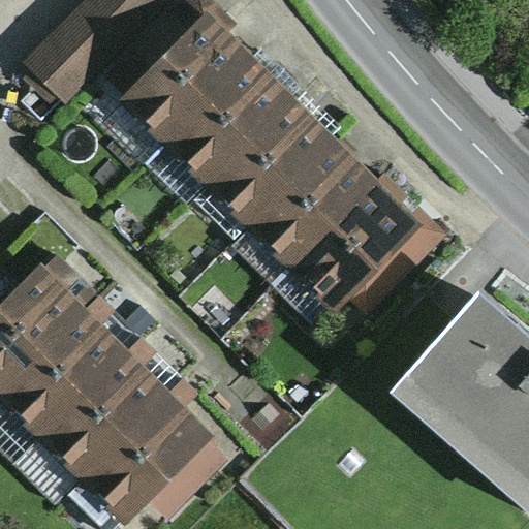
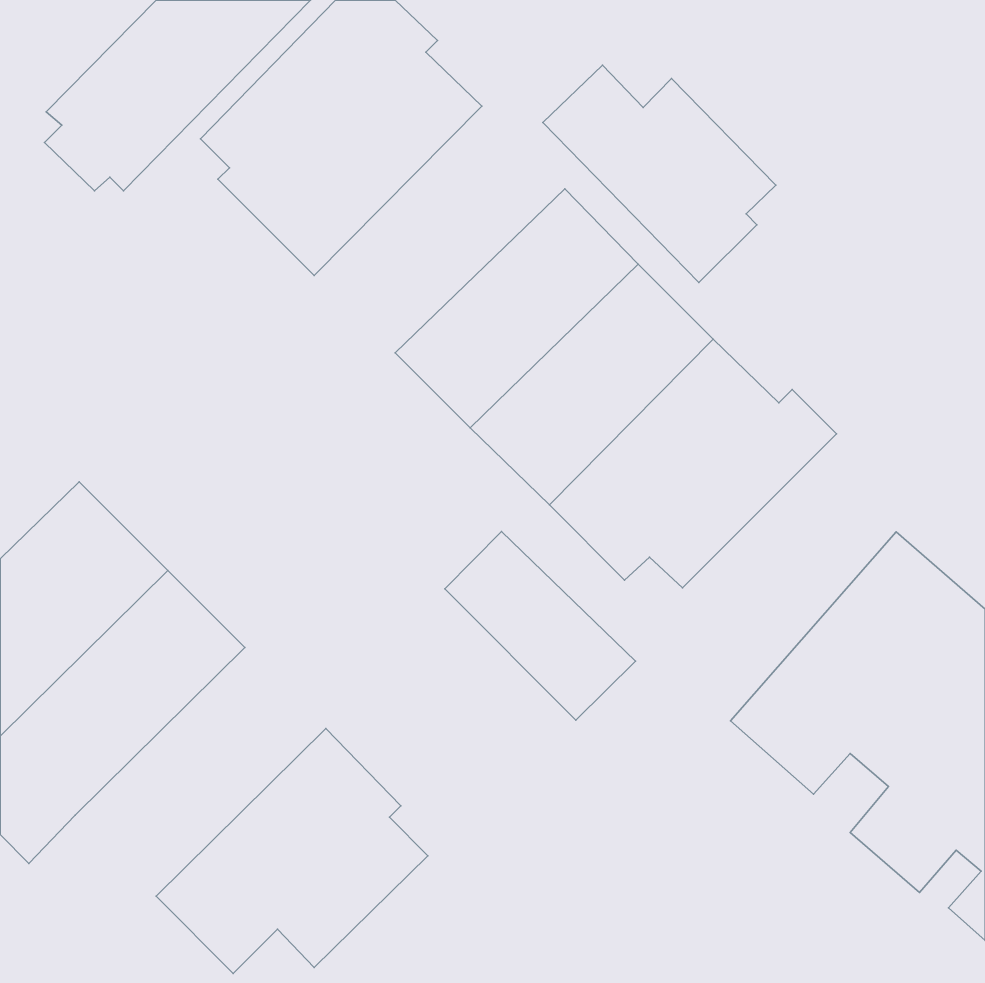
building: none -> [543,65,776,282]
building: [168,58,303,190] -> none
building: none -> [445,532,636,720]
building: [40,348,175,481] -> none

